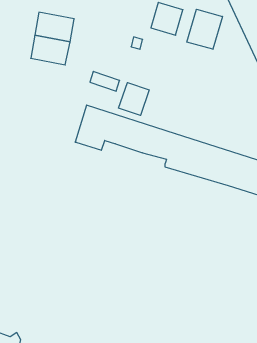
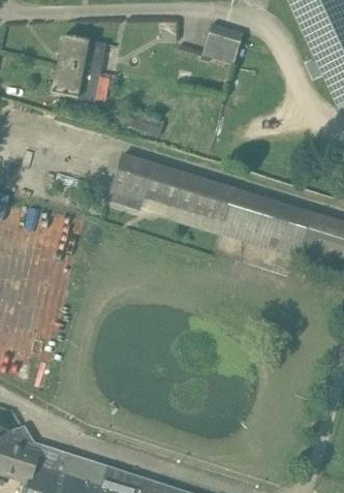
building: [187,9,222,49] -> none
building: [119,83,149,115] -> none

